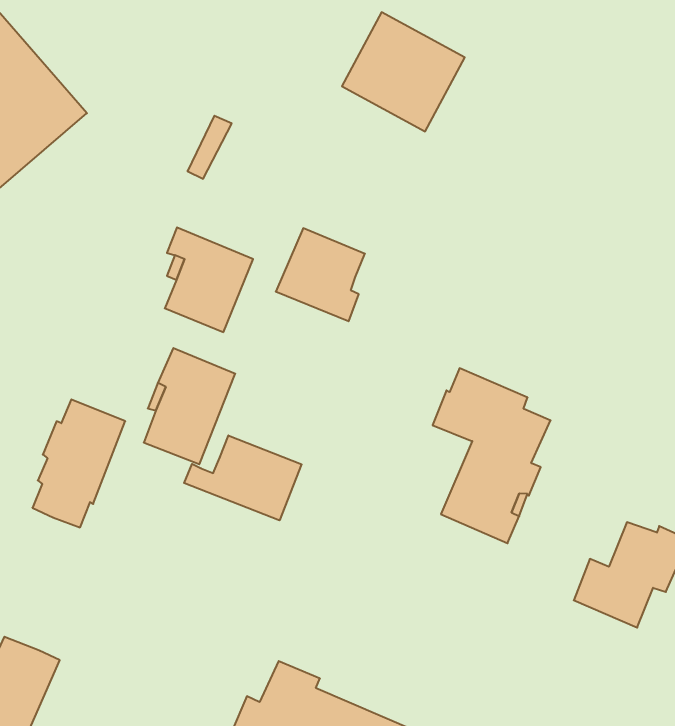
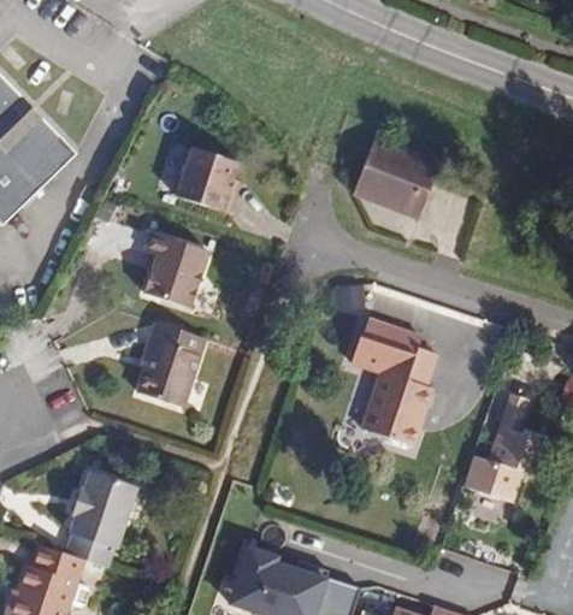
building: [342,12,465,131] -> [341,135,430,220]
building: [276,228,365,321] -> [177,147,241,213]
building: [32,399,125,527] -> [72,468,136,562]
building: [184,435,302,520] -> none

